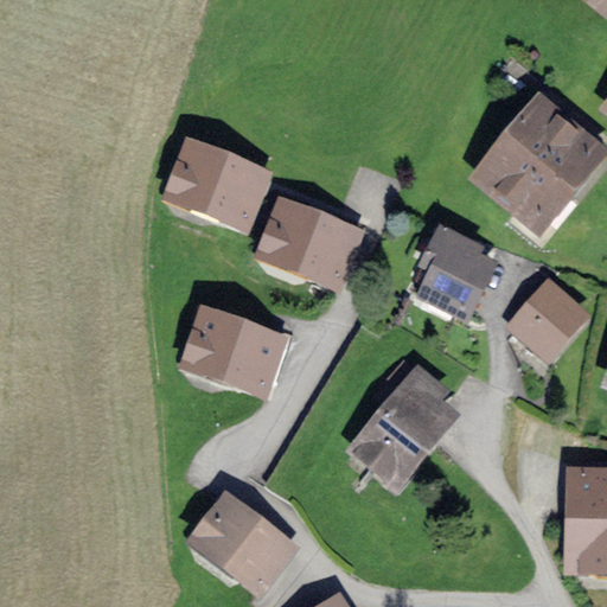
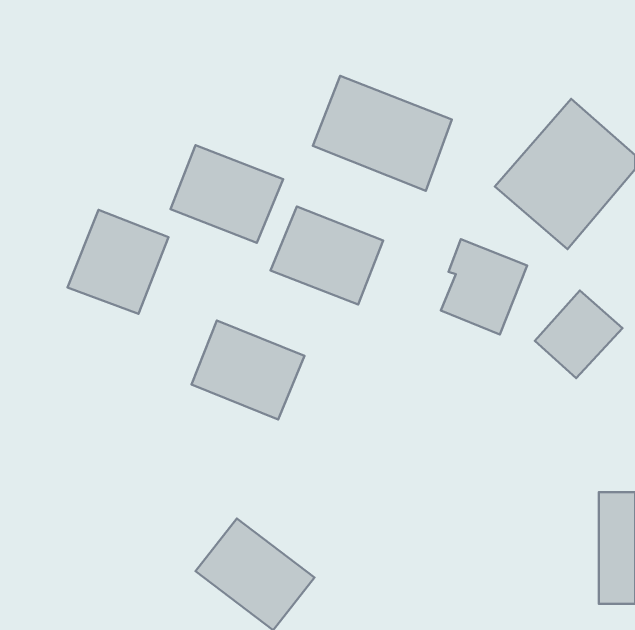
building: none -> [313,76,452,191]
building: none -> [68,210,169,314]
building: [346,365,460,492] -> none

